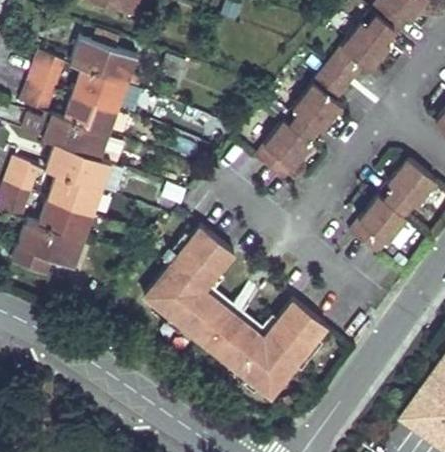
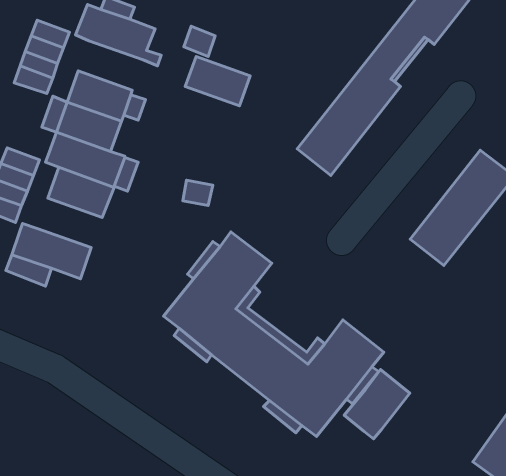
building: [73,68,127,109] -> [185,56,250,106]
building: [39,199,93,240] -> none
building: none -> [344,370,410,439]

